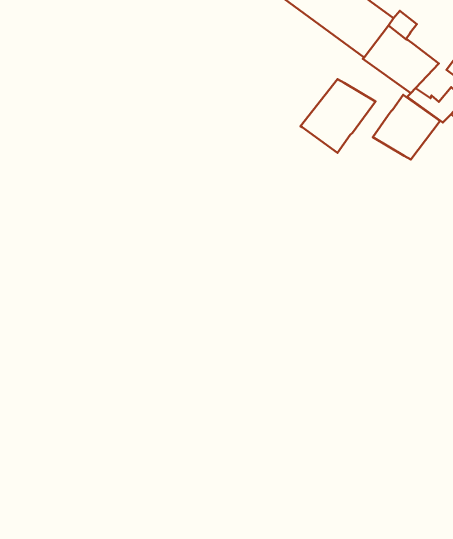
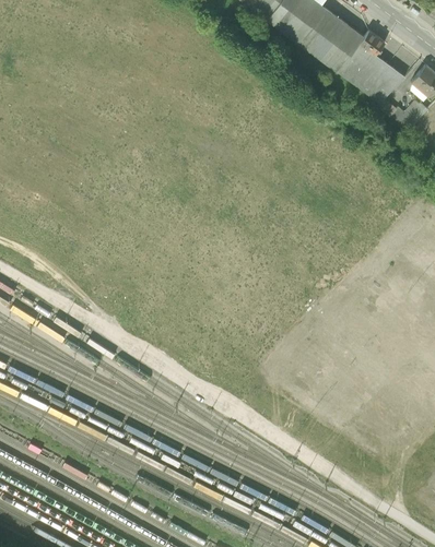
building: [300,79,376,153] -> none
building: [373,95,440,160] -> none

